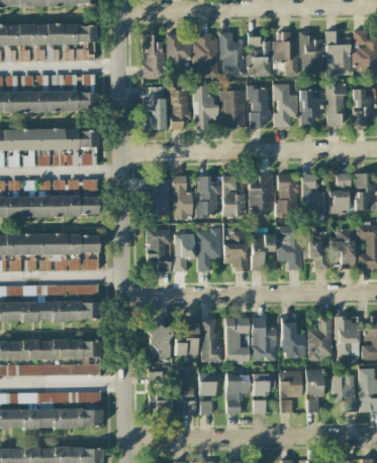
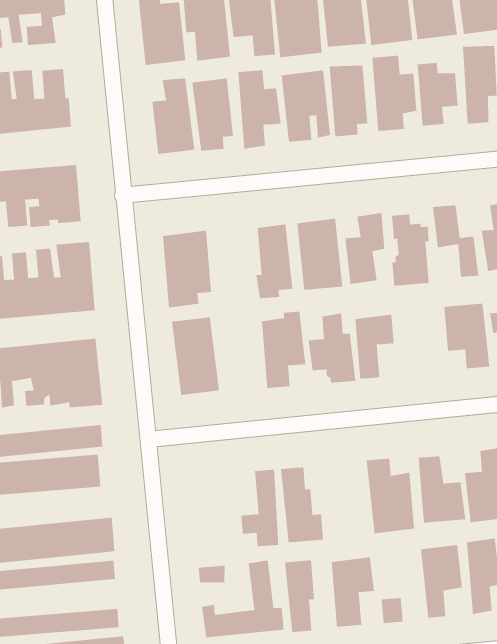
building: [173,175,194,218] -> none
building: [277,226,301,268] -> none
building: [173,233,194,270] -> none
building: [147,316,172,360] -> none
building: [225,318,250,361] -> none
building: [253,372,276,395] -> none

